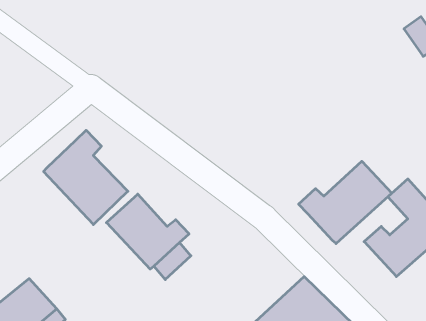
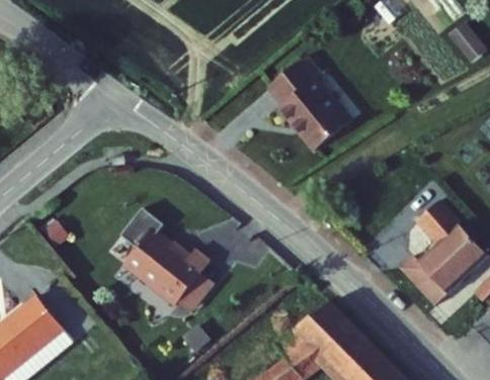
building: none -> [271,55,354,152]
building: [44,130,128,225] -> none
building: [299,161,392,244] -> none

